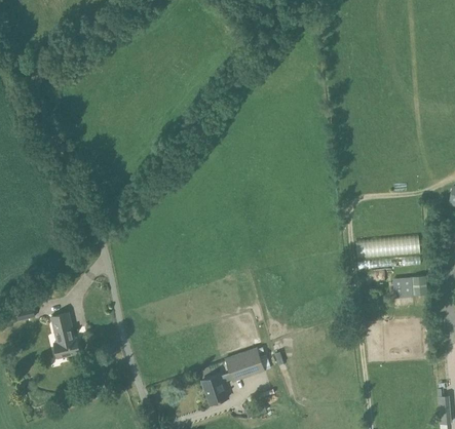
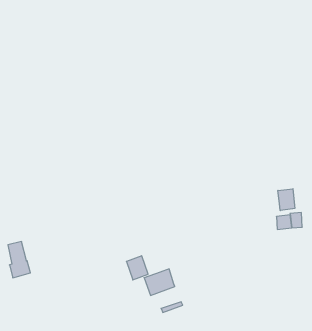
building: none -> [278,189,295,211]
building: [201,374,229,404] -> [126,256,148,280]

